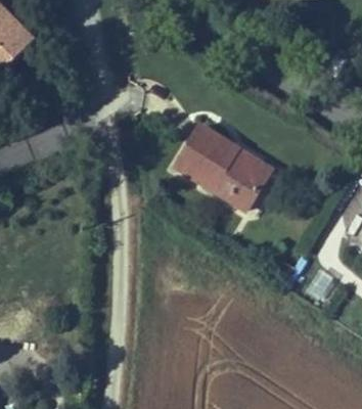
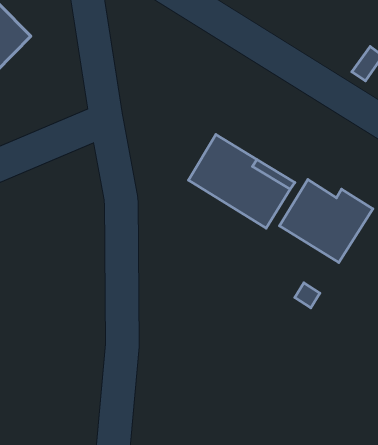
building: none -> [279,180,373,263]

